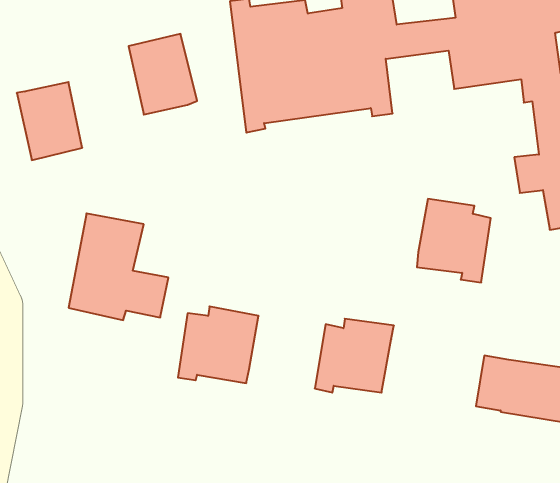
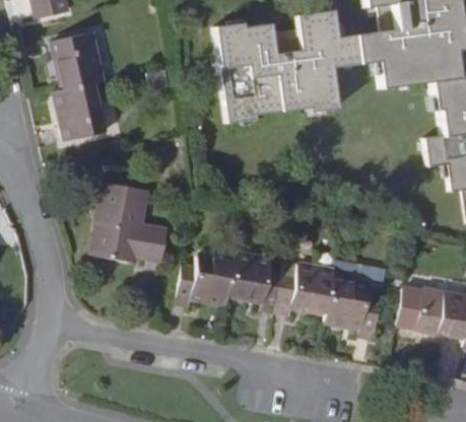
building: [129,34,197,115] -> [53,31,104,91]
building: [417,199,491,282] -> [328,275,383,337]
building: none -> [230,248,287,311]

